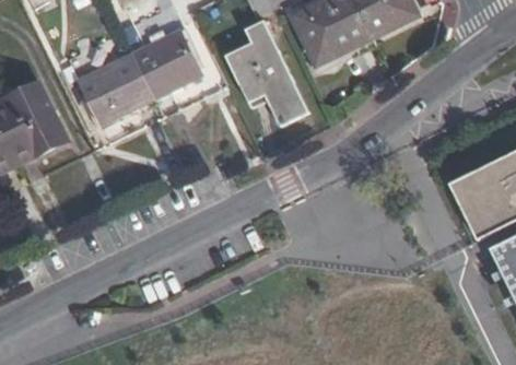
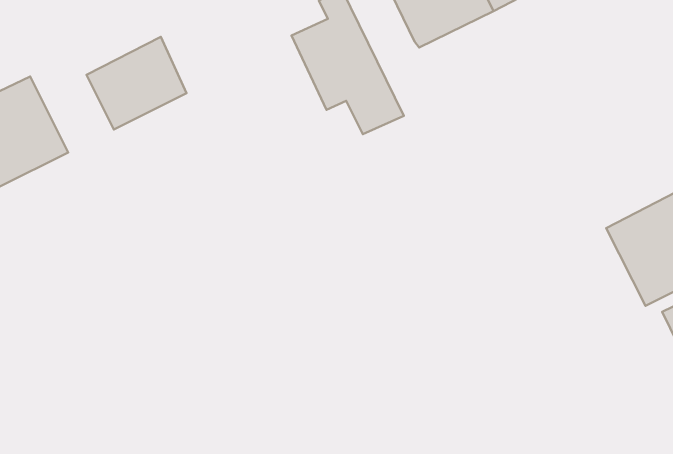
building: [132,33,196,95] -> none

